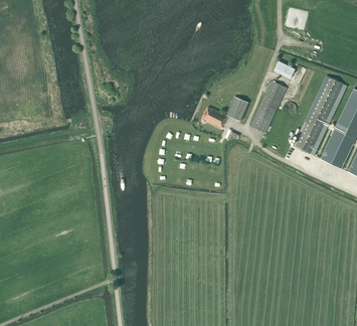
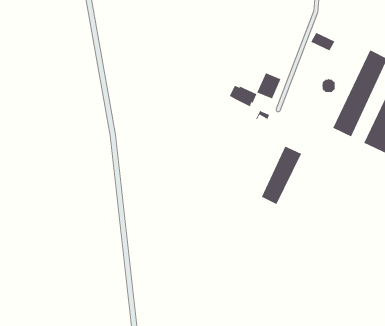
building: [250,79,287,132] -> [261,146,302,205]

